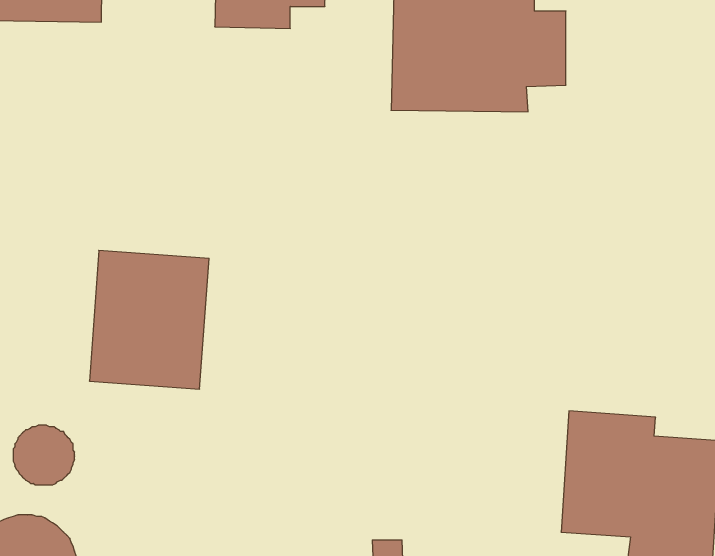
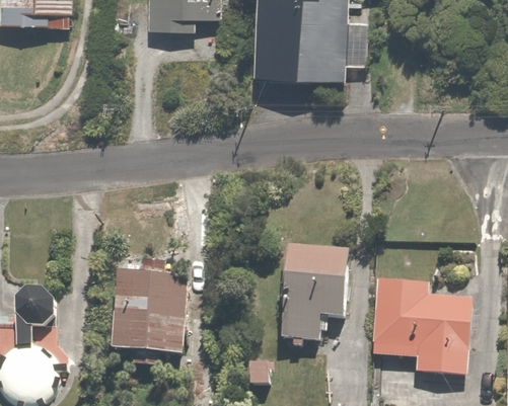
building: [89,250,209,389] -> [112,268,189,357]
building: none -> [281,243,354,341]

